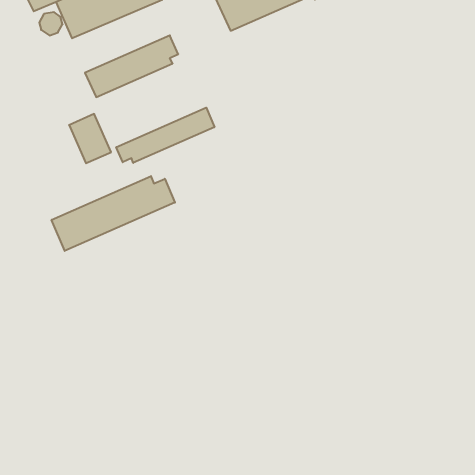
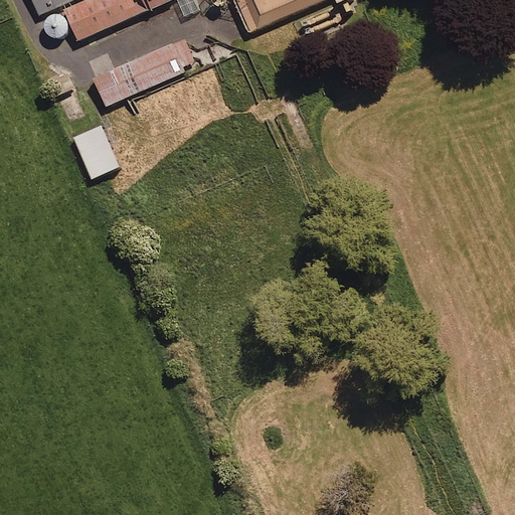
building: [116,108,214,163] -> none
building: [52,176,175,251] -> none

